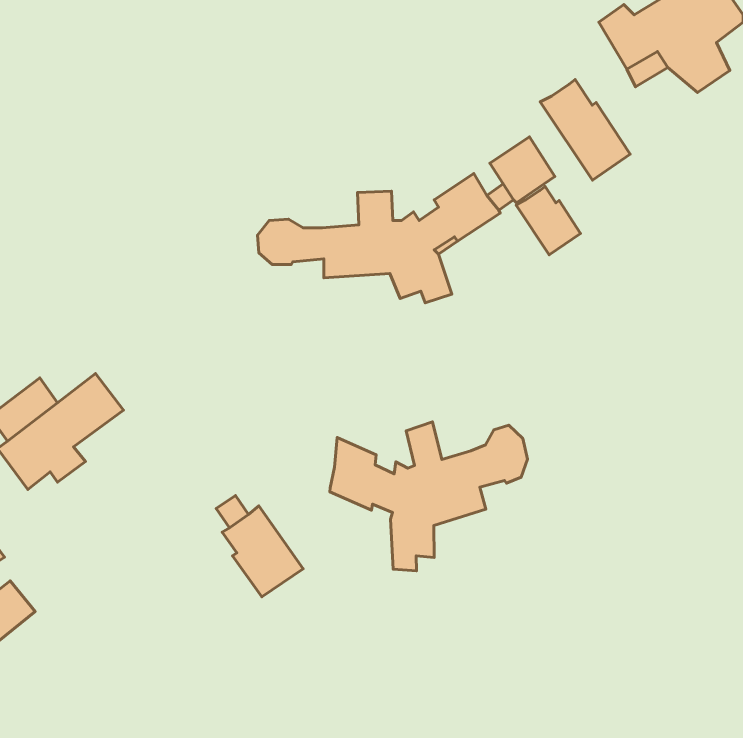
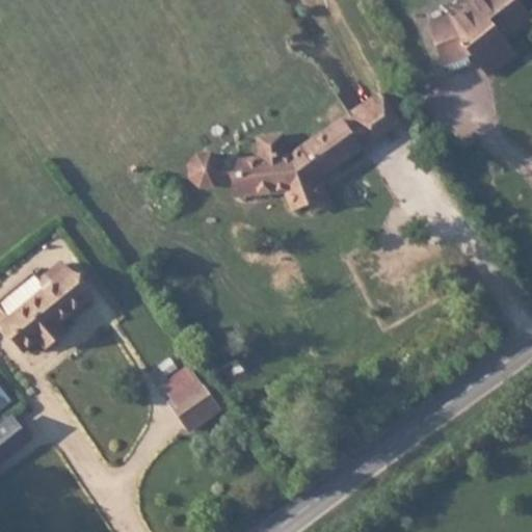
building: [540,79,630,180] -> none
building: [516,186,581,255] -> none
building: [330,422,527,571] -> none

